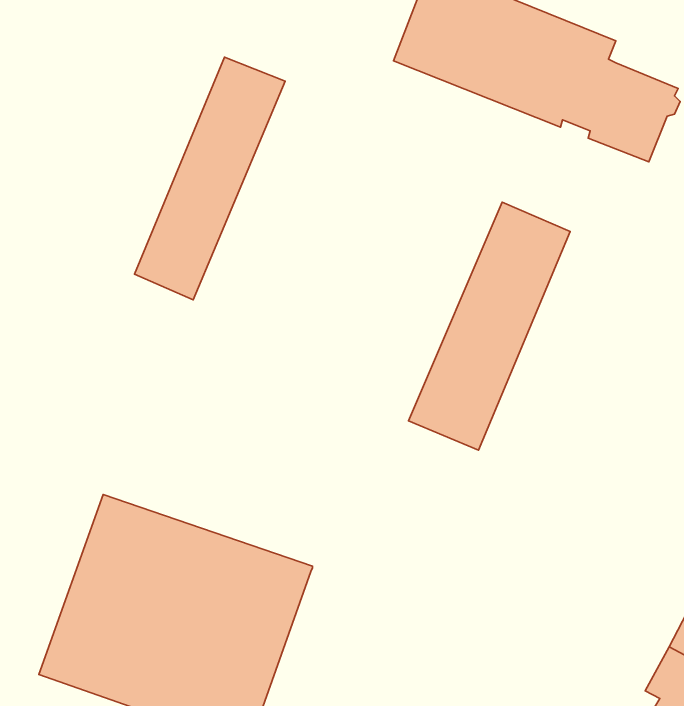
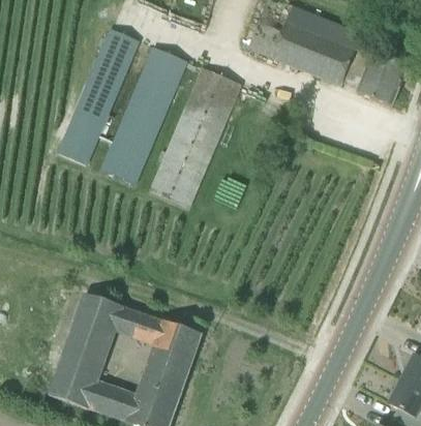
building: none -> [58,28,138,164]
building: [409,202,570,450] -> [149,67,240,207]

